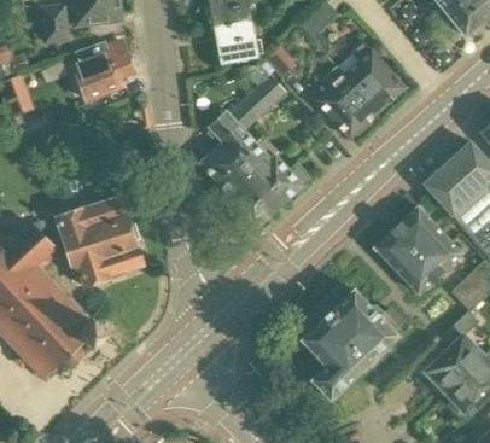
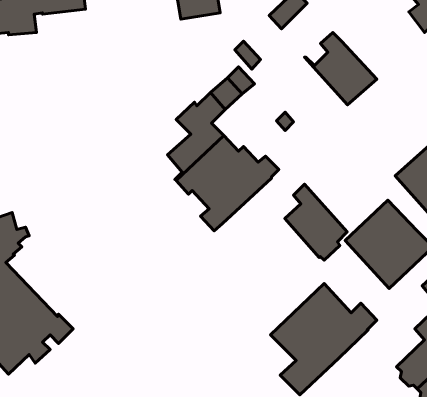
building: [214,22,259,64] -> none
building: [74,41,135,98] -> none
building: [316,65,378,140] -> [285,184,347,260]
building: [56,196,144,286] -> none

